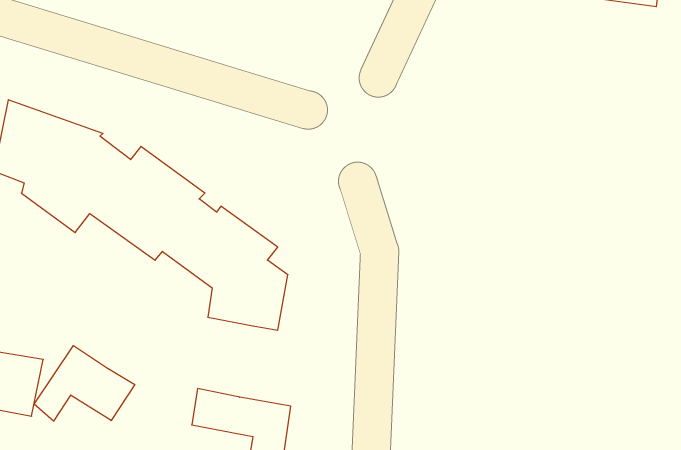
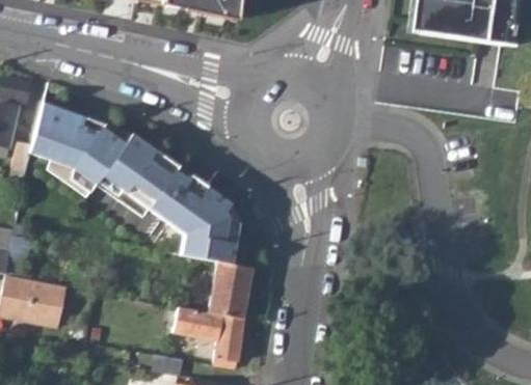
building: none -> [208,262,253,319]
building: [34,346,135,421] -> none

